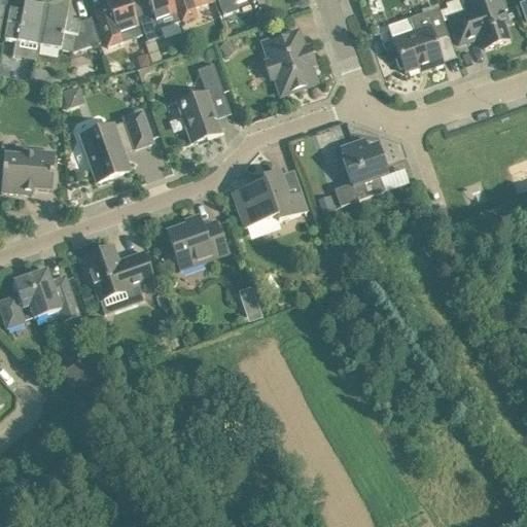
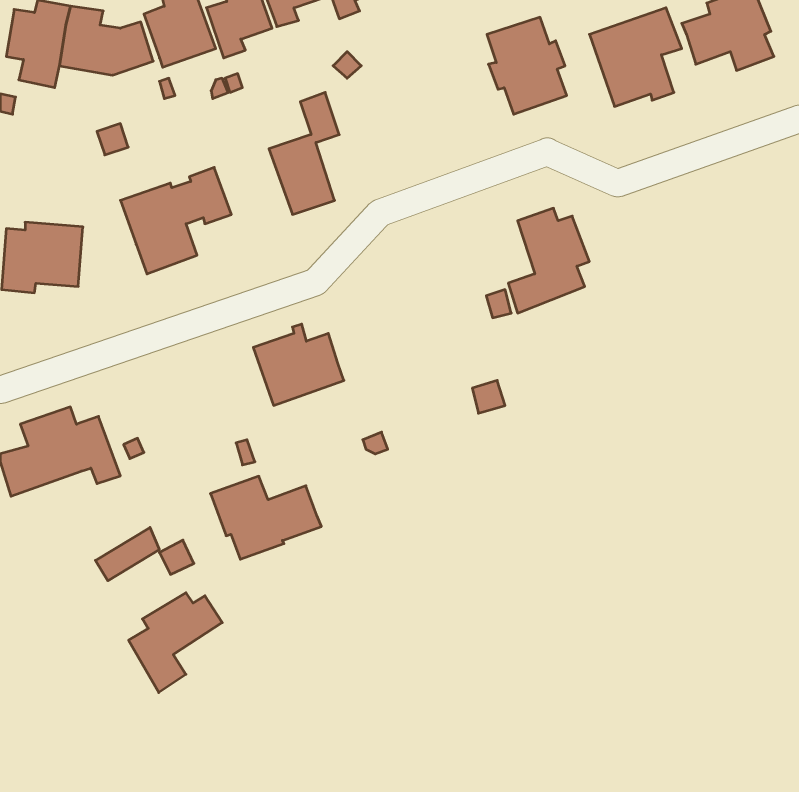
building: [264,29,316,93] -> [487,17,567,114]
building: [233,168,307,225] -> none
building: [80,244,153,298] -> [210,476,321,559]
building: none -> [129,593,222,693]

